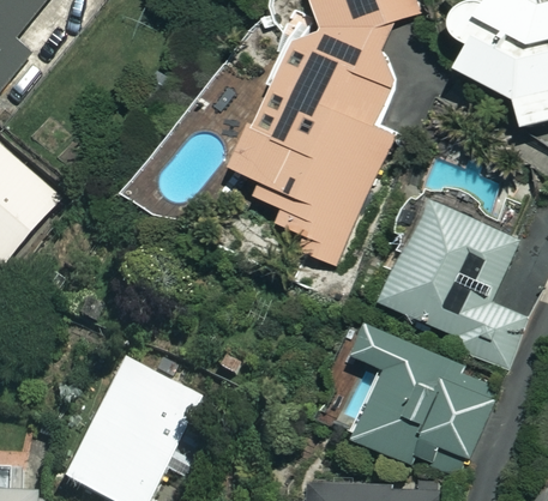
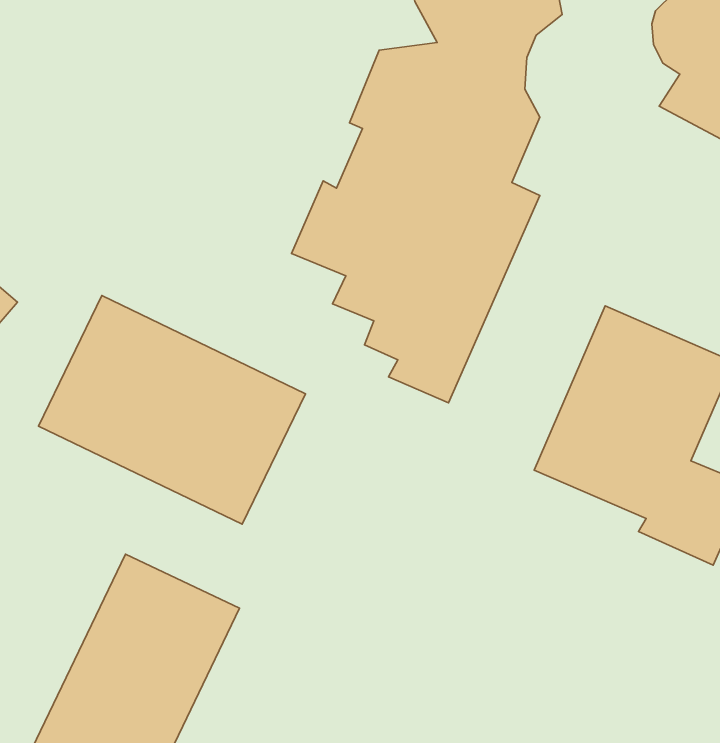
building: none -> [38,296,306,524]
building: [349,325,501,463] -> none

